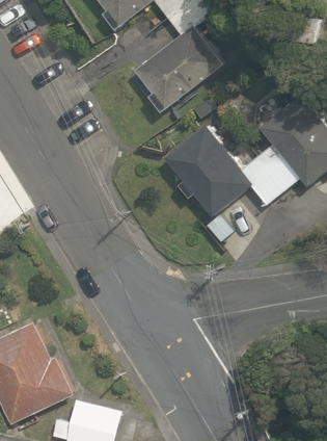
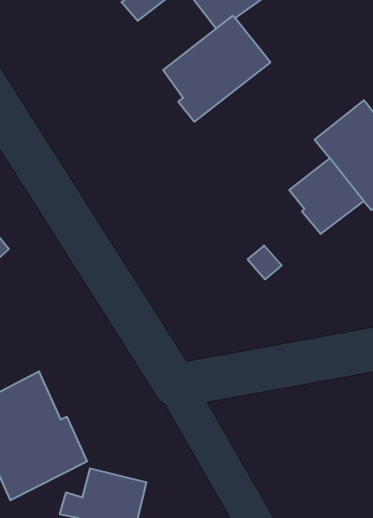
building: [164,127,251,217] -> none

